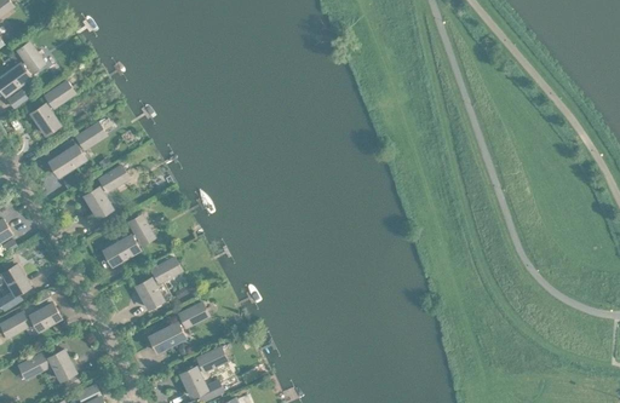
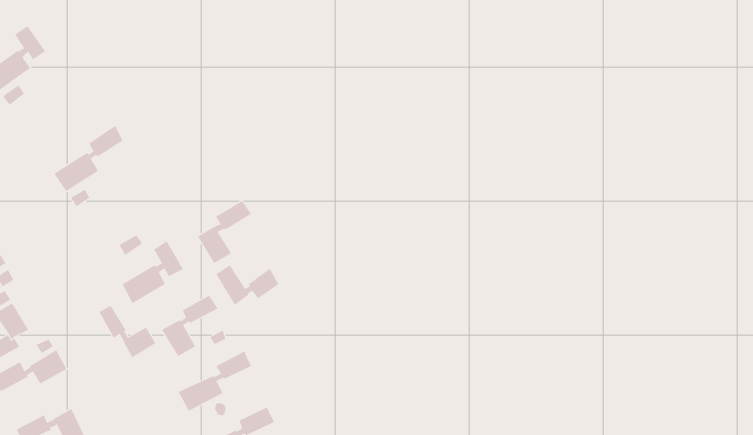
building: [30,82,74,134] -> none
building: [84,167,127,218] -> [197,200,252,264]
building: none -> [215,265,279,305]
building: none -> [98,305,156,358]

